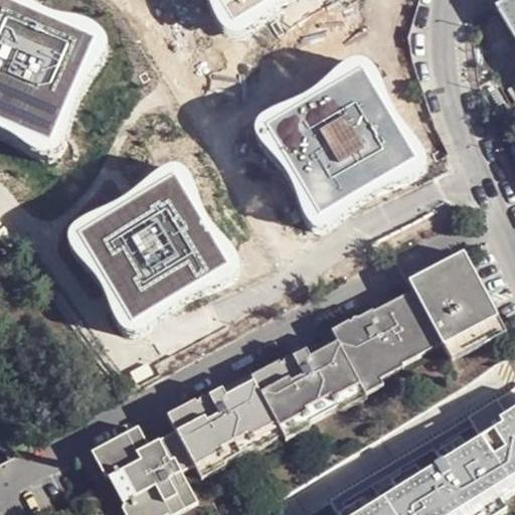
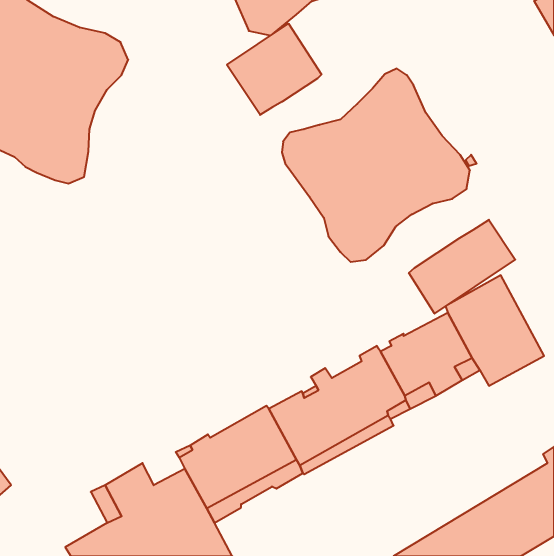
building: none -> [227,24,321,115]
building: [72,164,243,340] -> none
building: none -> [409,220,515,314]

